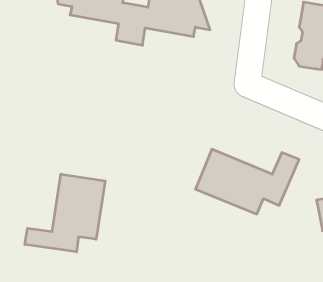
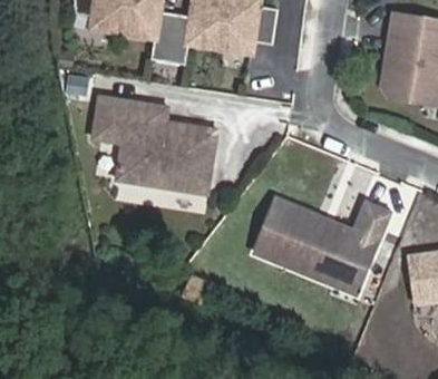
building: none -> [93,97,216,194]
building: [25,174,105,252] -> none

